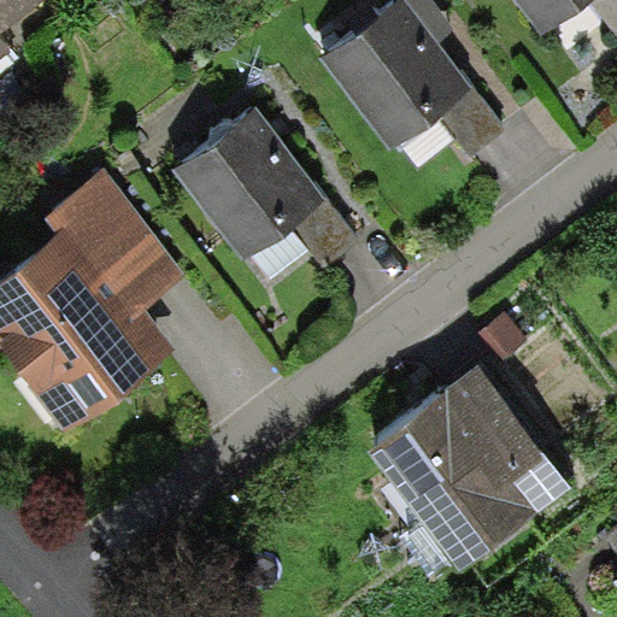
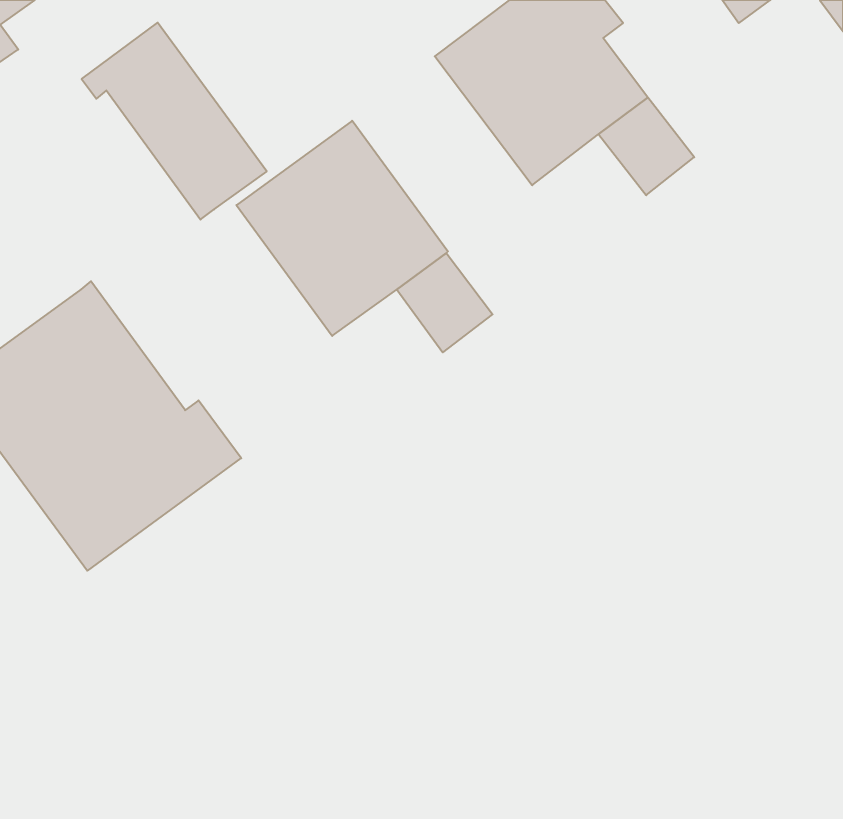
building: [48,175,183,318] -> [82,23,267,220]
building: [368,359,572,565] -> none

